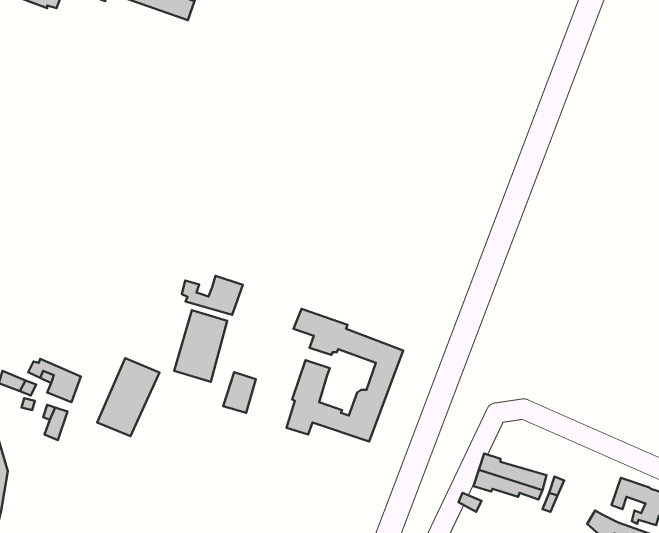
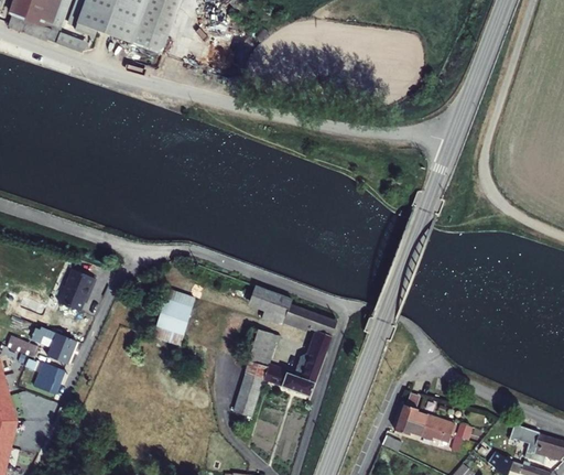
building: [182,276,243,315] -> none
building: none -> [59,270,97,312]
building: [97,358,159,436] -> none
building: [223,372,256,413] -> [234,384,260,417]

